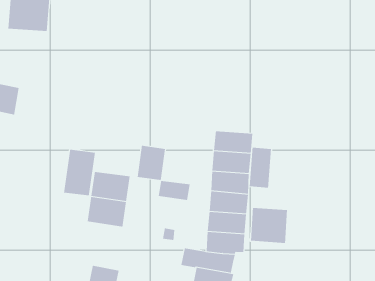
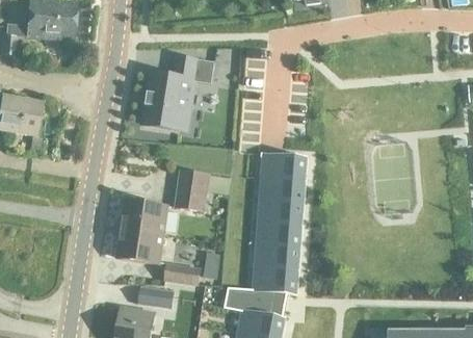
building: none -> [143,55,214,129]
building: [249,147,271,189] -> none
building: [63,149,96,196] -> none
building: [158,181,190,201] -> [162,263,200,286]
building: [250,207,287,244] -> none
building: none -> [137,286,174,309]

